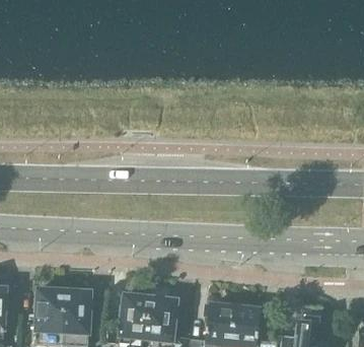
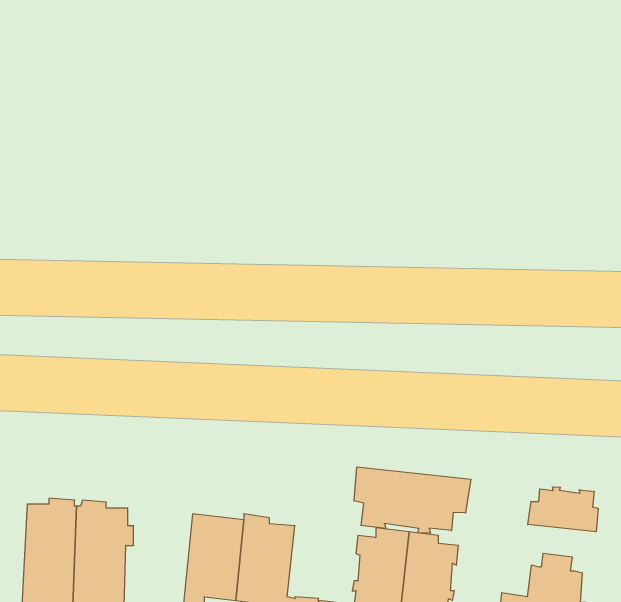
building: none -> [354,467,471,533]
building: none -> [528,487,598,532]

